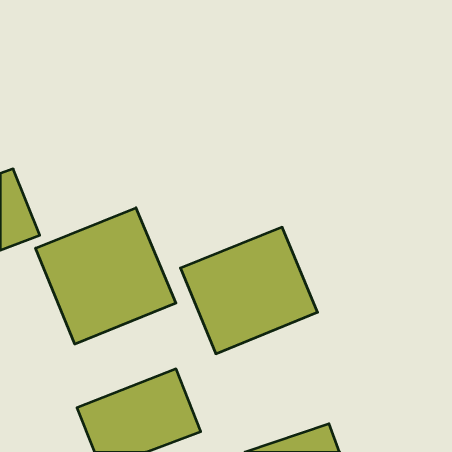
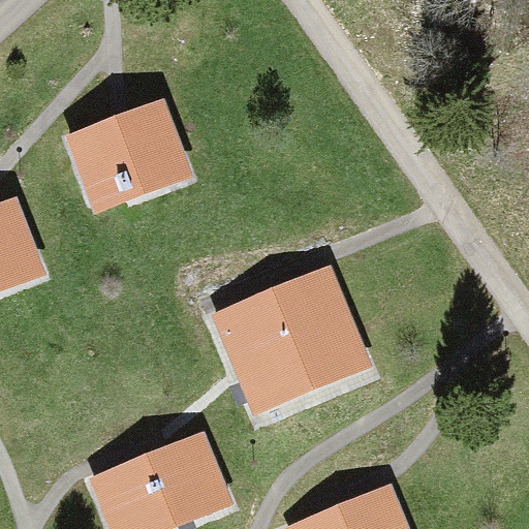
building: none -> [64,98,192,212]
building: [36,208,176,344] -> none

